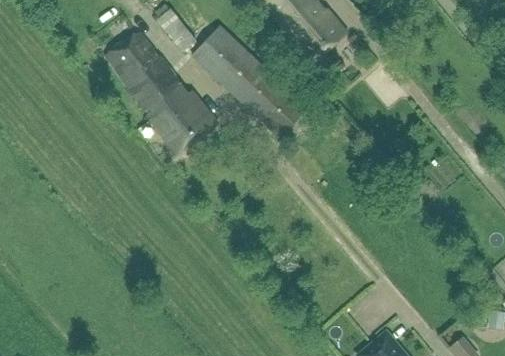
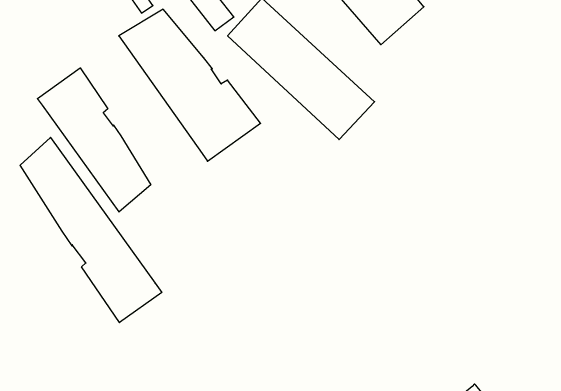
building: none -> [37,68,151,212]
building: none -> [20,137,162,323]

